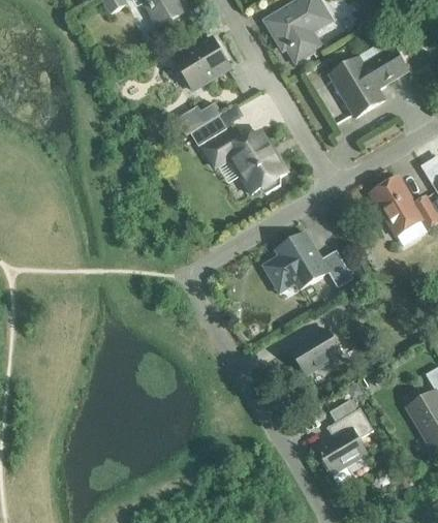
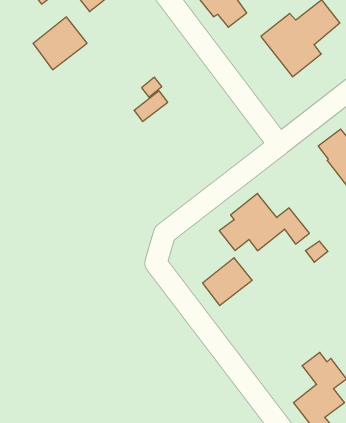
building: [175,37,229,89] -> [33,17,87,70]
building: [205,129,286,194] -> none
building: [290,328,341,374] -> [203,258,252,306]

